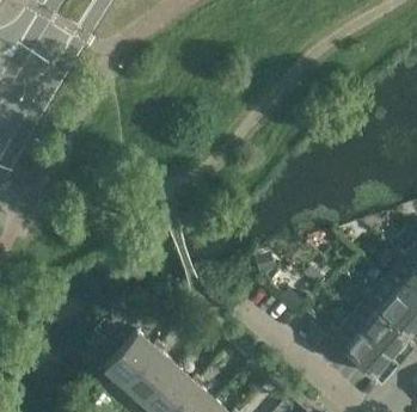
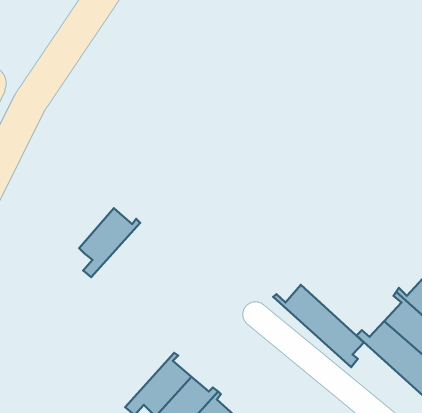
building: none -> [273,285,364,367]
building: [105,333,160,395] -> [79,208,140,277]

